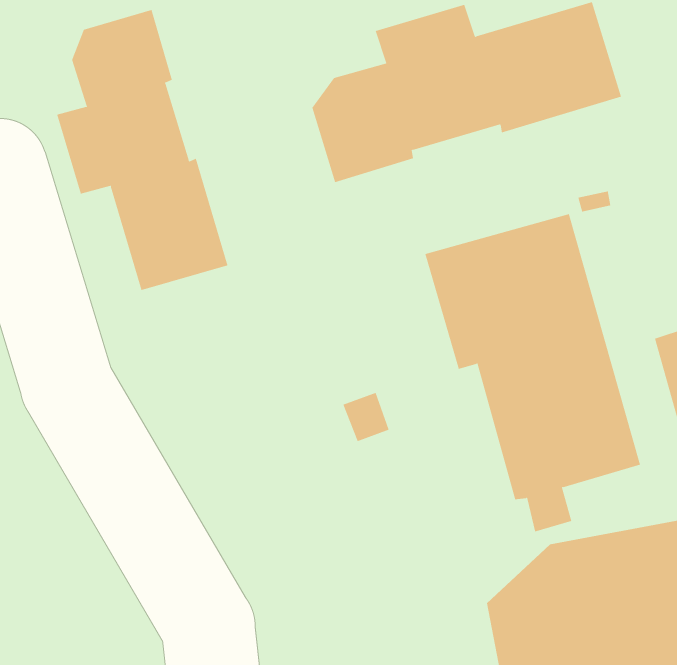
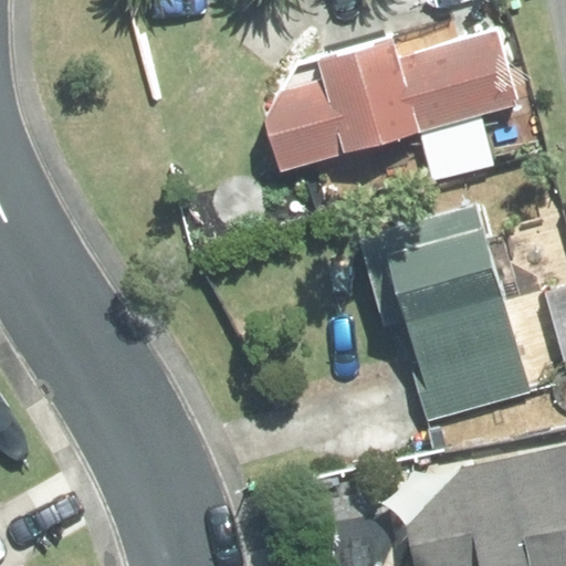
building: [56,9,228,291] -> none

